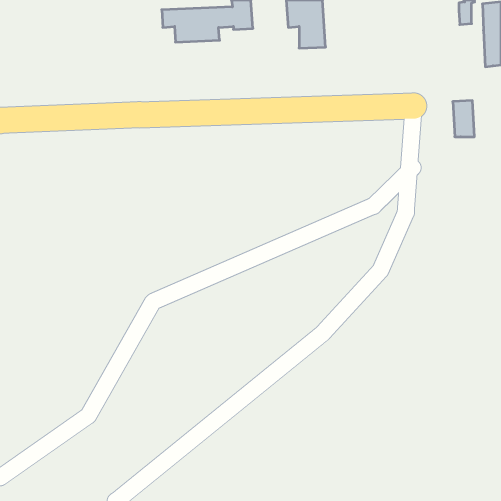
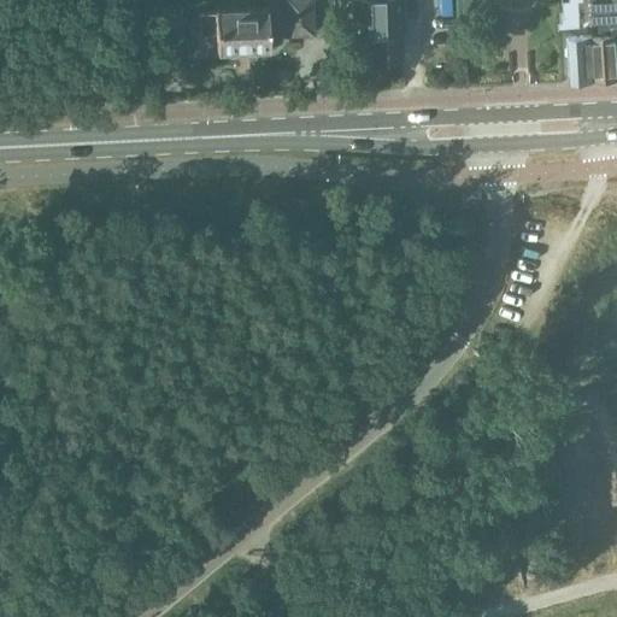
building: [453,101,474,137] -> [570,37,597,82]

